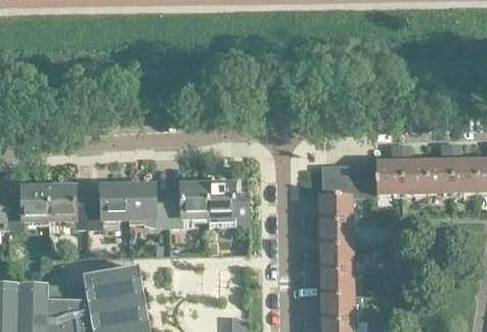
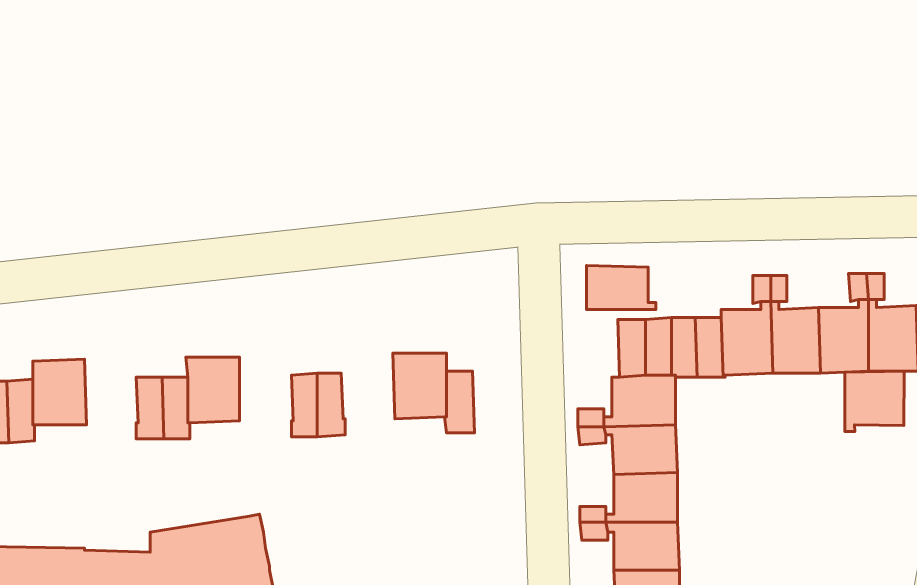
building: none -> [587,266,656,309]
building: [180,183,208,217] -> none
building: [128,184,156,218] -> none
building: [48,186,76,220] -> none
building: none -> [845,371,904,432]

